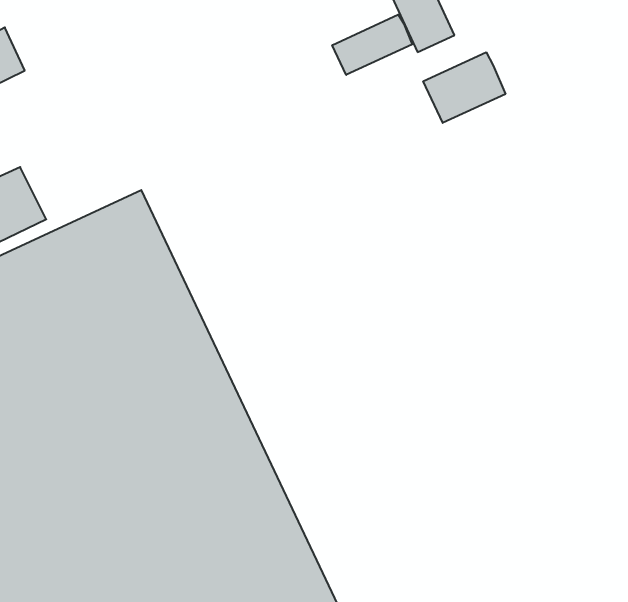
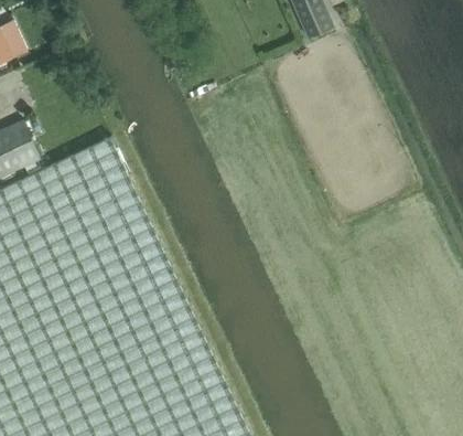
building: [332,15,412,75] -> none
building: [423,52,505,123] -> none

